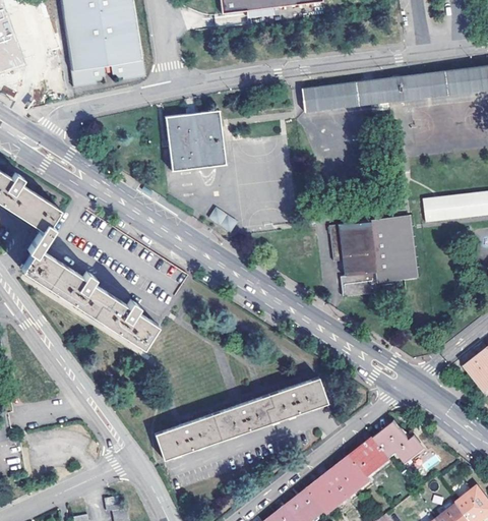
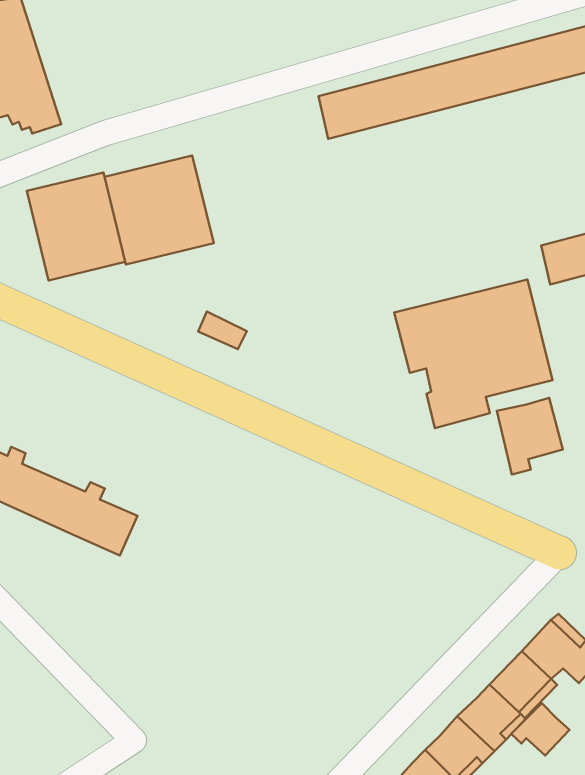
building: none -> [27,172,125,280]
building: none -> [497,398,563,474]
building: [154,379,325,459] -> none
building: none -> [511,703,569,756]

